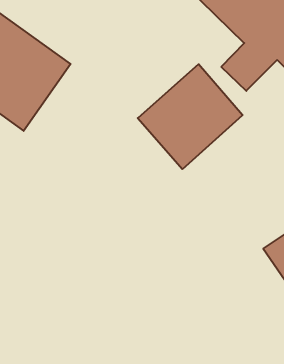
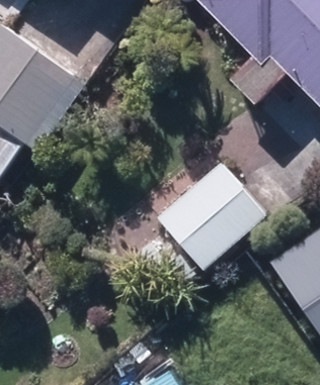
building: [138,64,243,169] -> [159,165,265,271]

